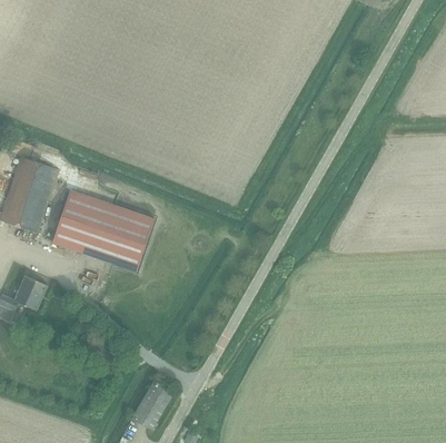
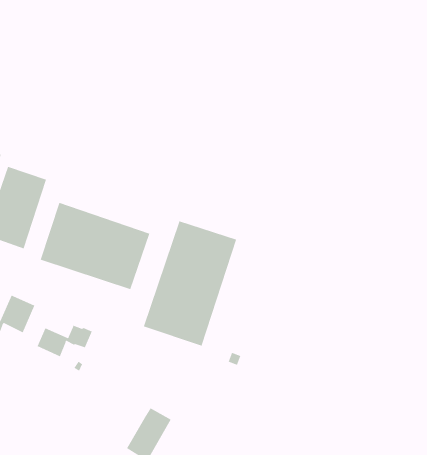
building: none -> [143,221,237,346]
building: none -> [37,325,93,357]

